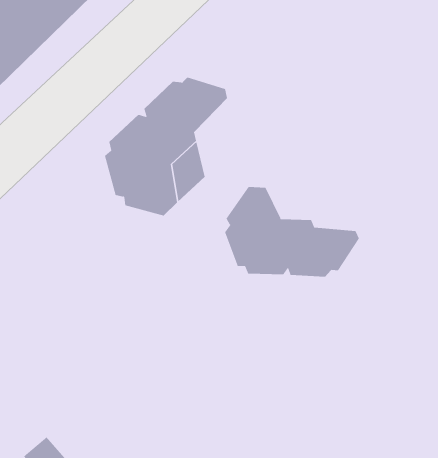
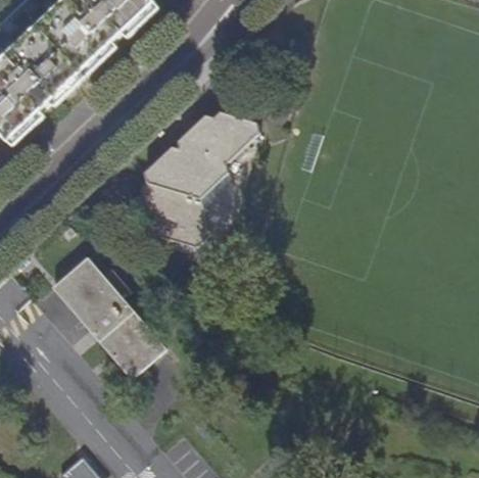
building: [225,186,359,277] -> none
building: none -> [51,257,166,379]

